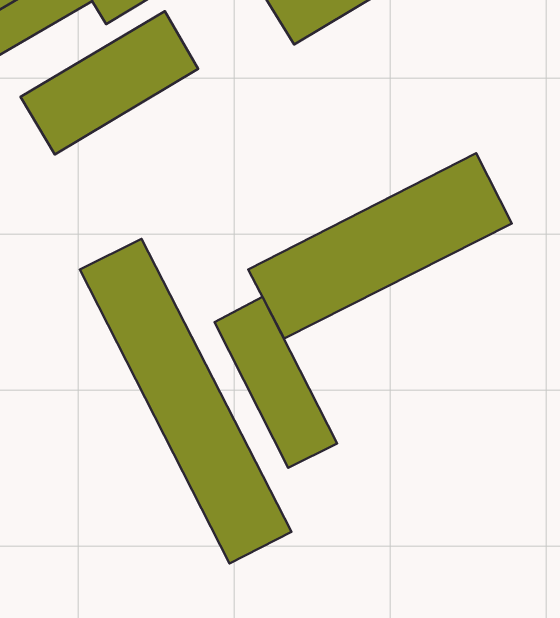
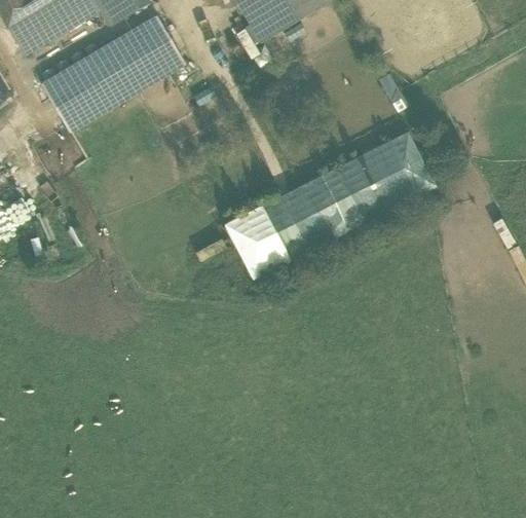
building: [80,239,292,564] -> none
building: [214,297,337,468] -> none

